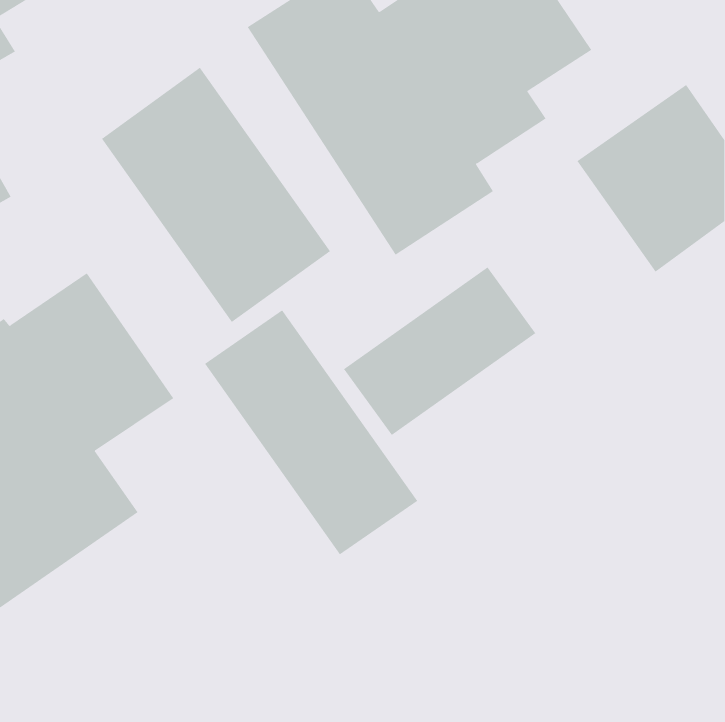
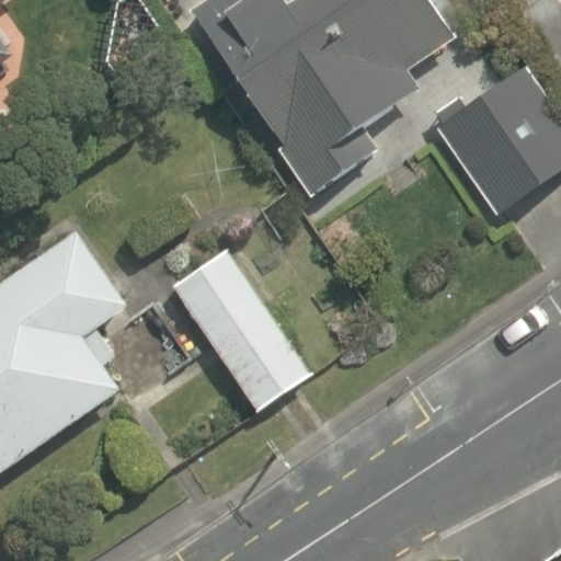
building: [101,67,331,323] -> none
building: [343,266,536,436] -> none

